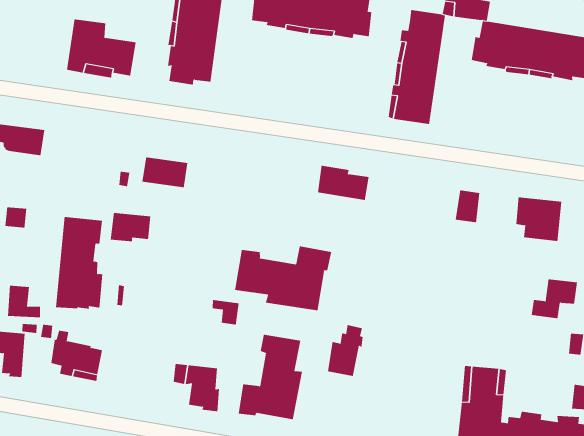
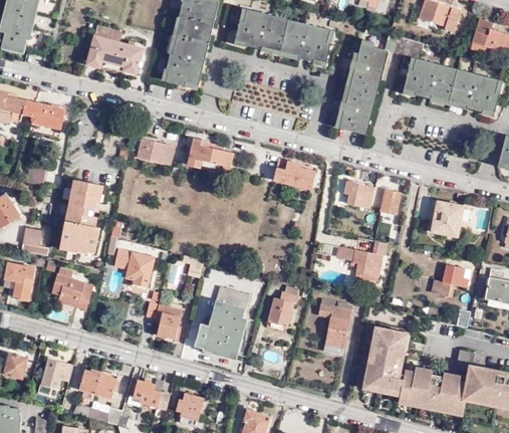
building: none -> [187,138,234,169]
building: none -> [343,181,373,209]
building: [110,212,151,242] -> none
building: [234,246,332,311] -> none
building: none -> [338,241,388,282]
building: none -> [114,249,155,287]
building: none -> [318,303,351,348]

